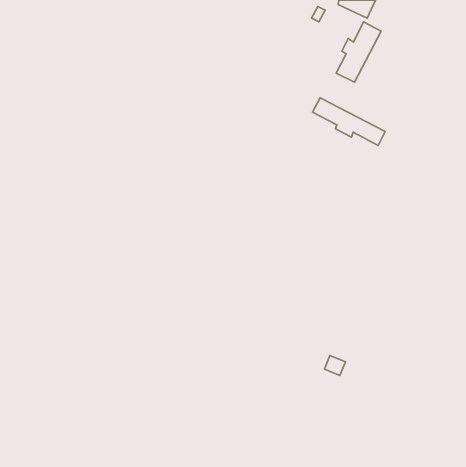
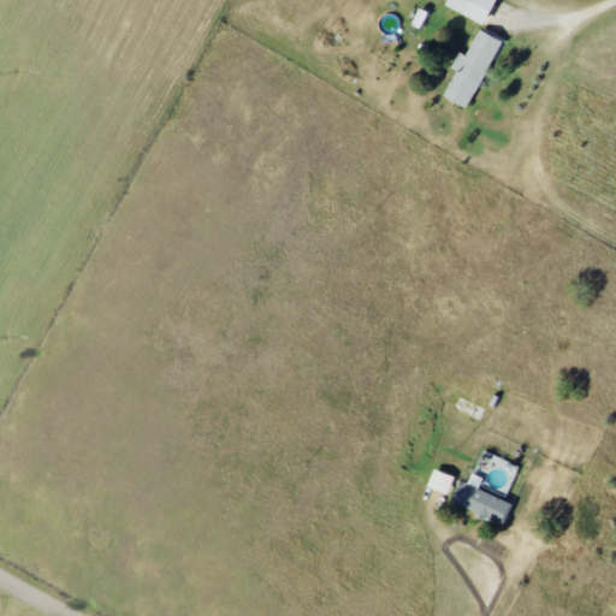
building: [312,98,385,146] -> none
building: none -> [451,473,510,523]

